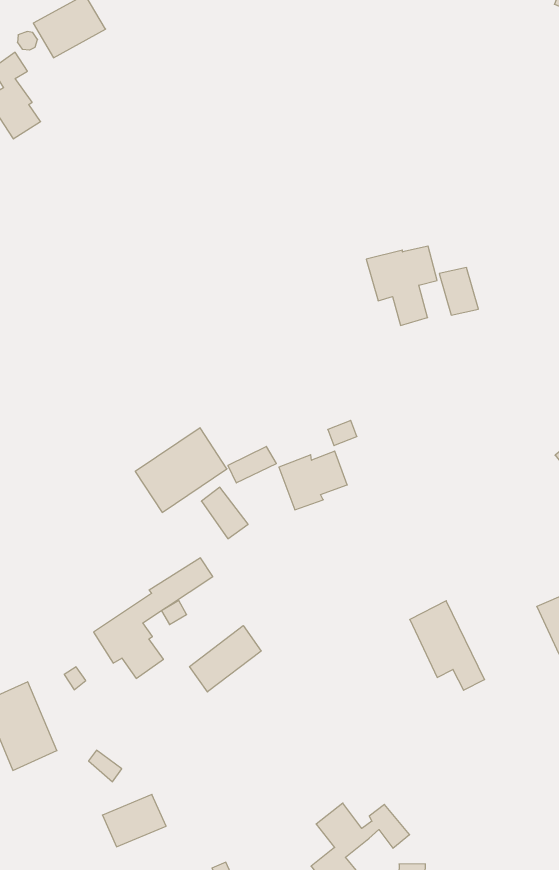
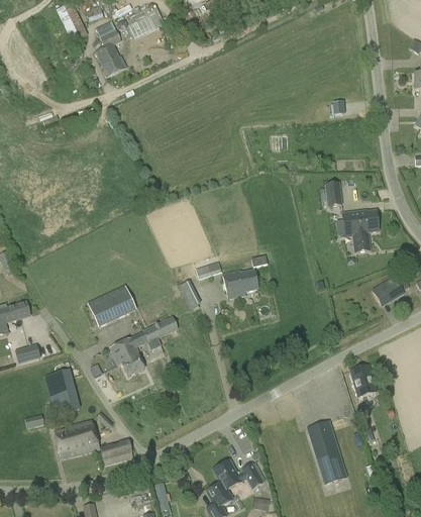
building: [366,246,437,325] -> [341,211,378,251]
building: [135,428,227,512] -> [87,285,136,327]
building: [410,601,485,690] -> [307,420,342,470]
building: [190,626,261,692] -> none
building: none -> [54,421,99,458]

